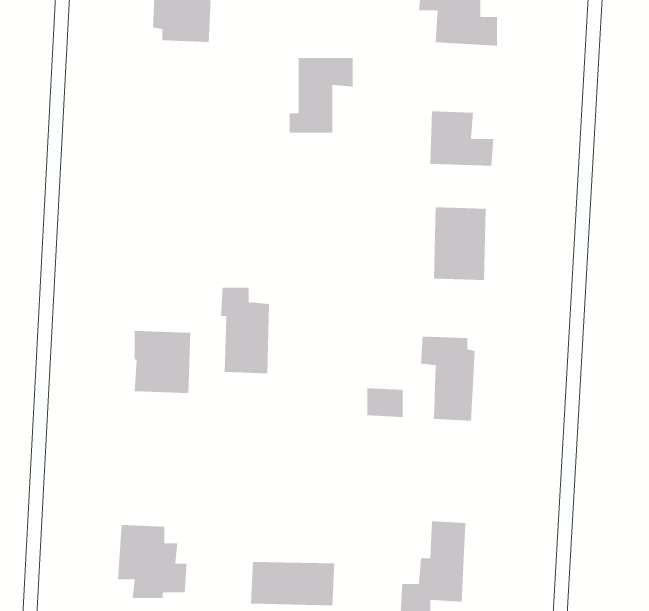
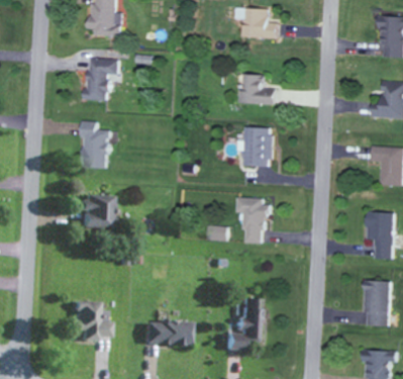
building: [289,57,353,133] -> [83,59,118,100]
building: [220,287,270,374] -> [81,121,108,169]

